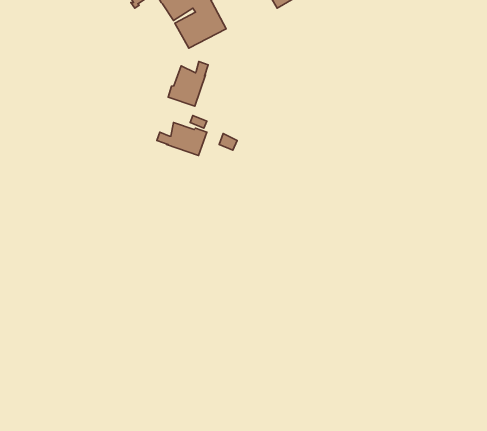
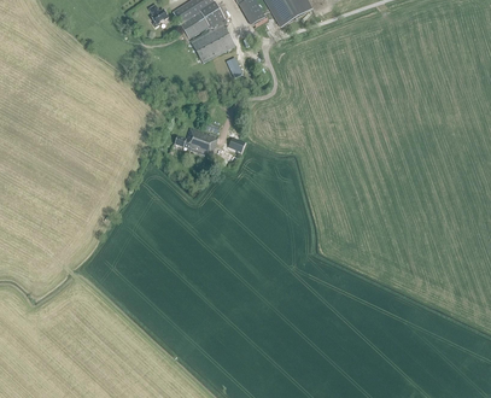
building: [168,62,208,106] -> none

